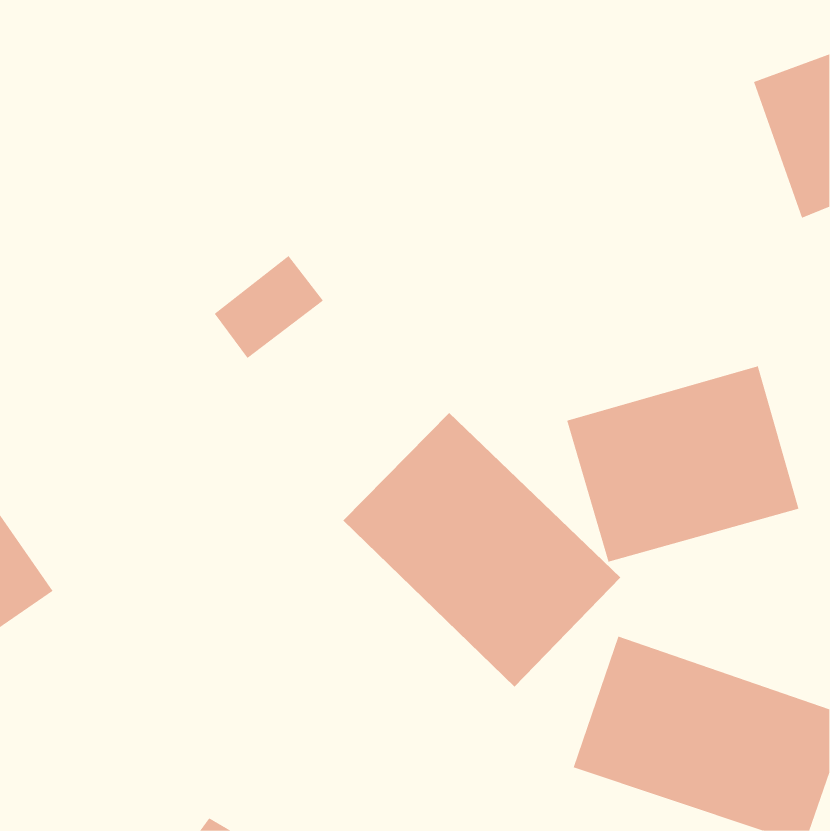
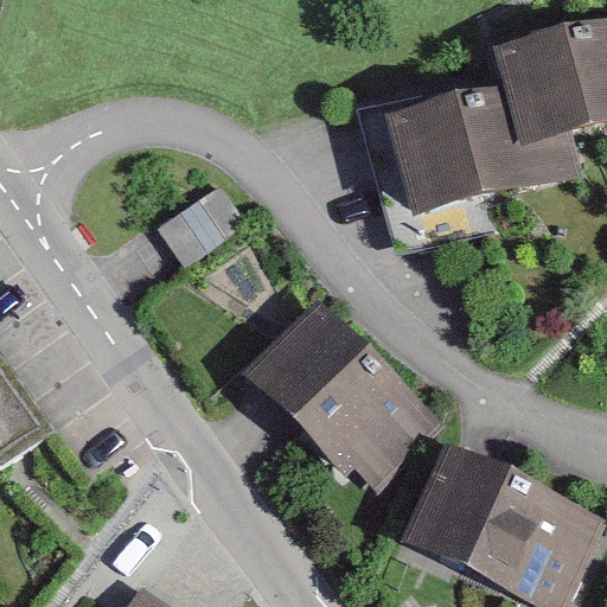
building: none -> [372,79,556,223]
building: [566,365,799,563] -> none

